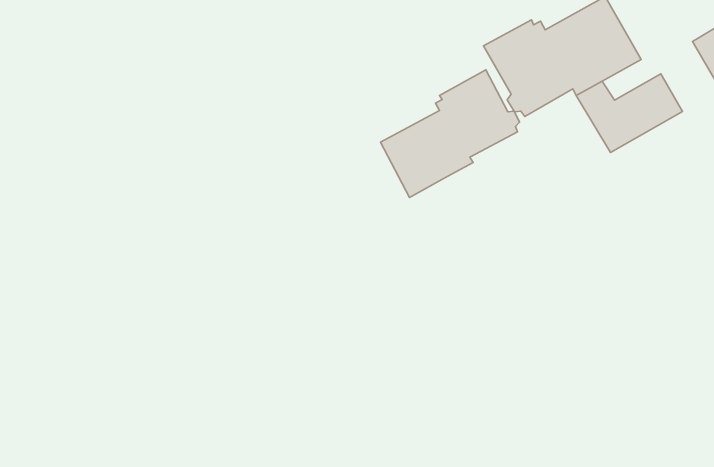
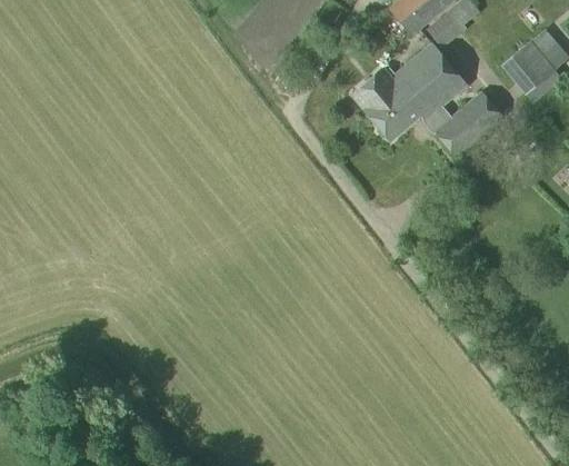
building: [381,70,520,197] -> none

